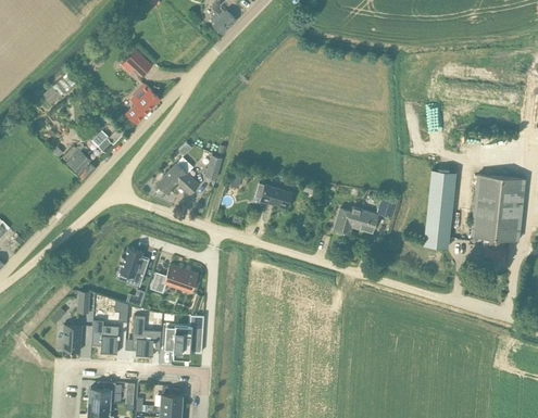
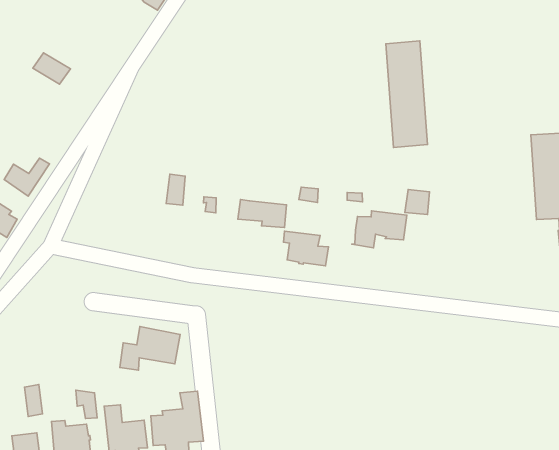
building: [127,87,160,124] -> none
building: [158,157,198,194] -> none
building: [423,170,455,249] -> [386,41,428,147]
building: none -> [284,231,328,266]
building: [118,248,149,283] -> none

